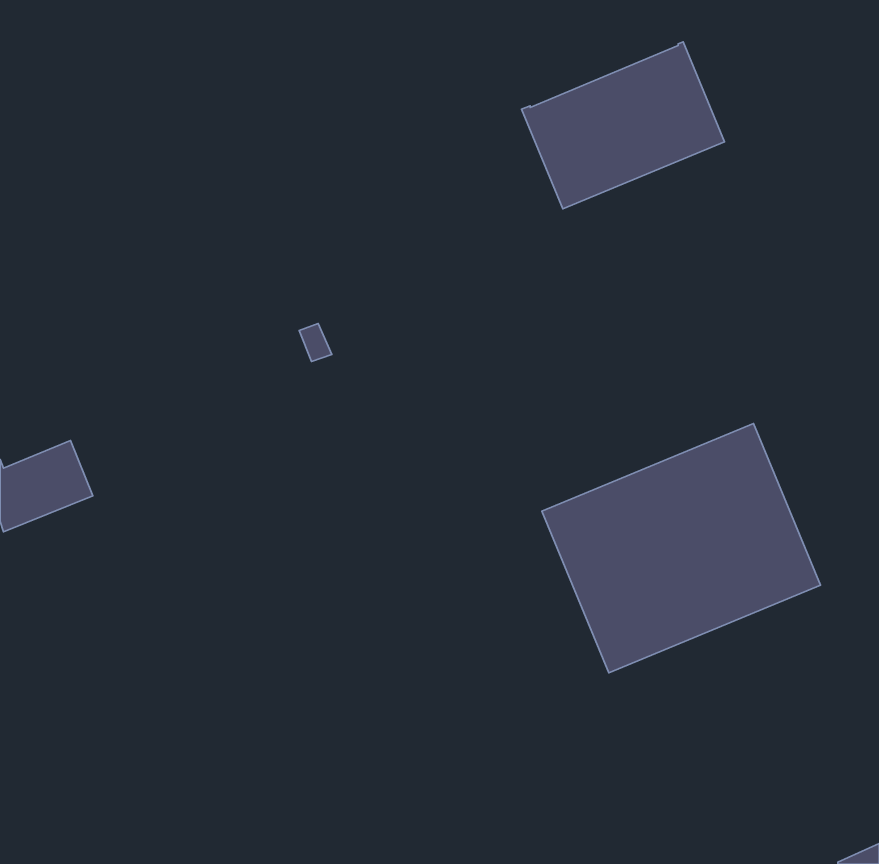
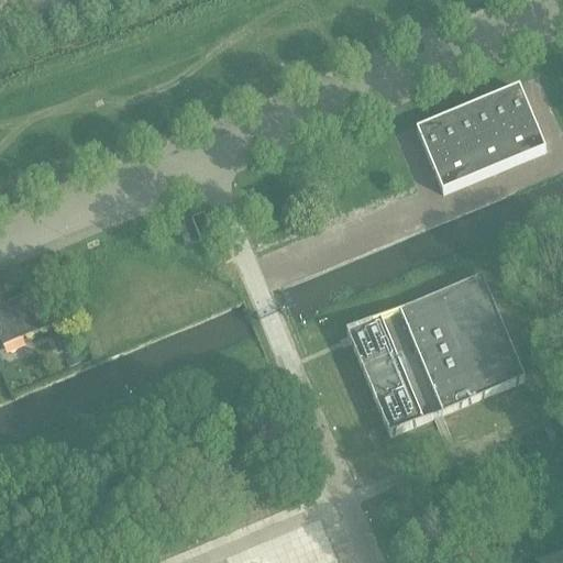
building: [521,42,724,209] -> [417,81,547,188]

